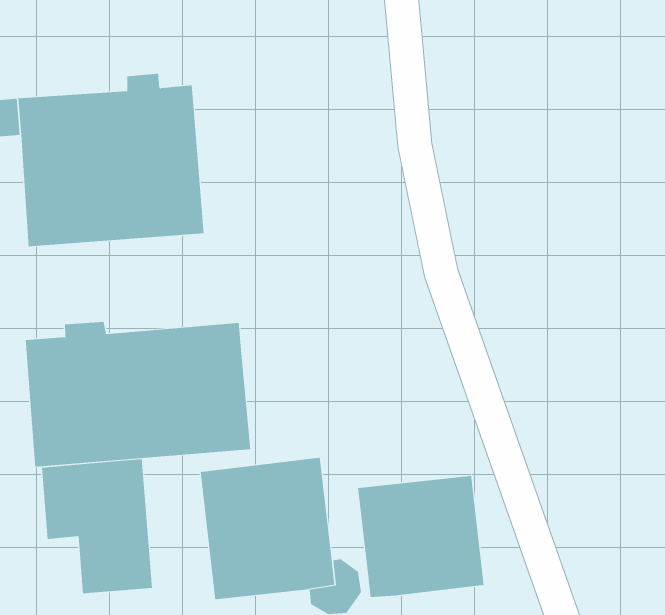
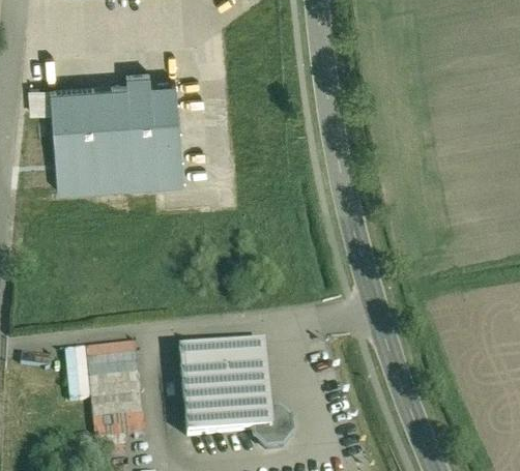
building: [25,321,251,467] -> none
building: [358,475,484,598] -> none

